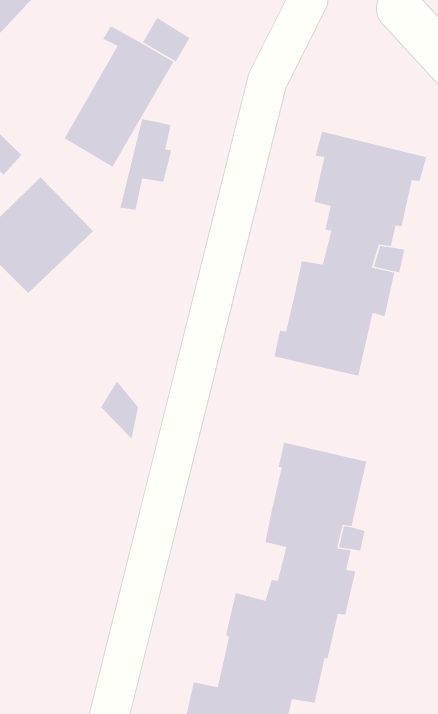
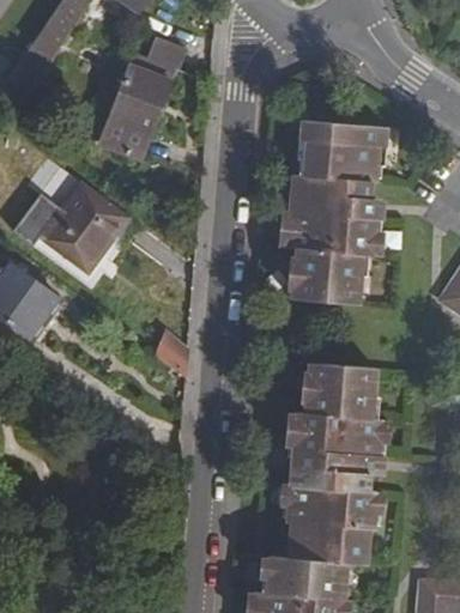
building: [120,119,172,211] -> [283,172,316,244]
building: none -> [286,413,320,486]

